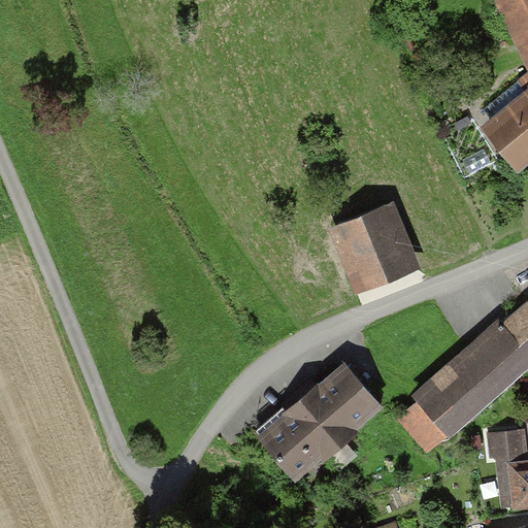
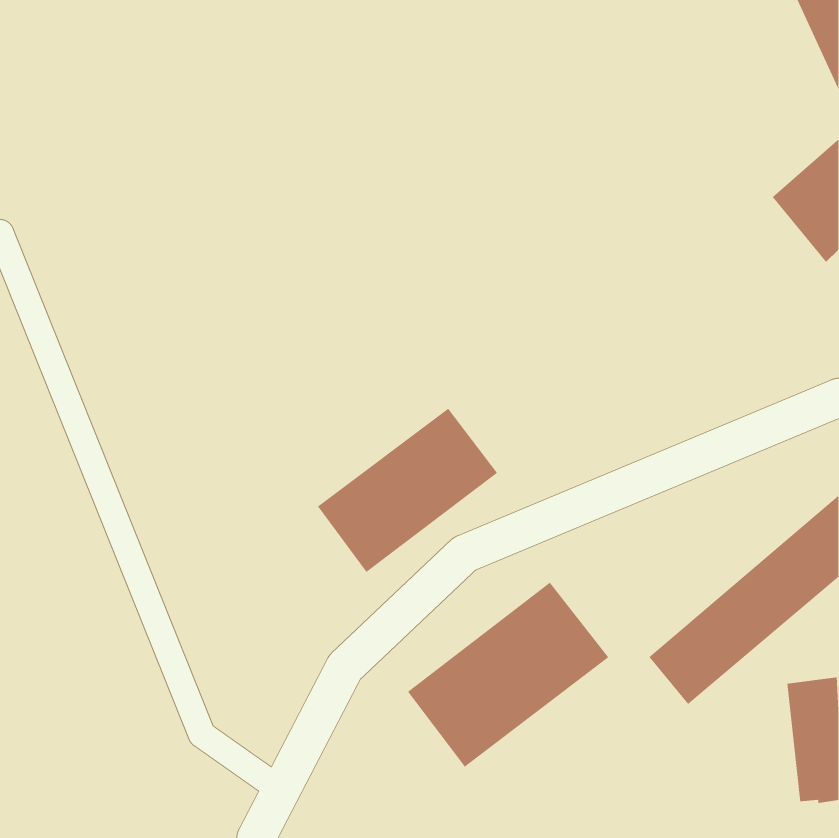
building: [334,204,421,294] -> none
building: none -> [317,408,498,573]

